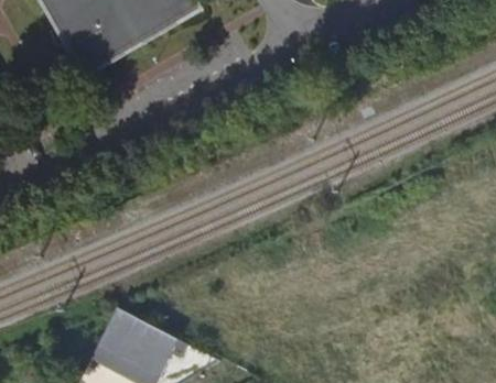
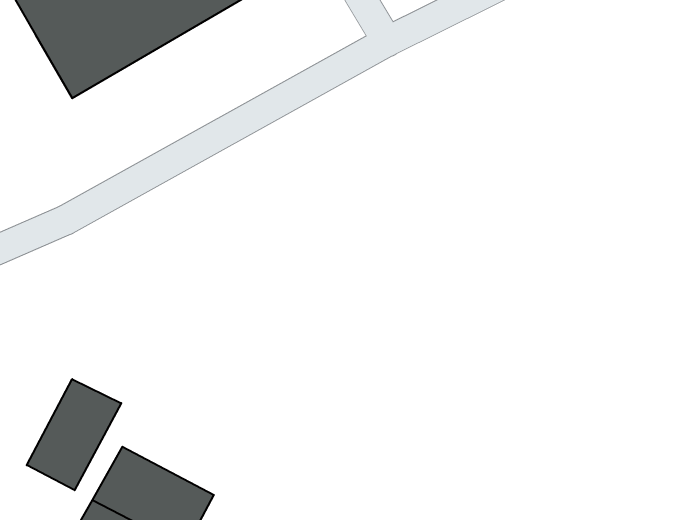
building: none -> [27,379,121,490]

